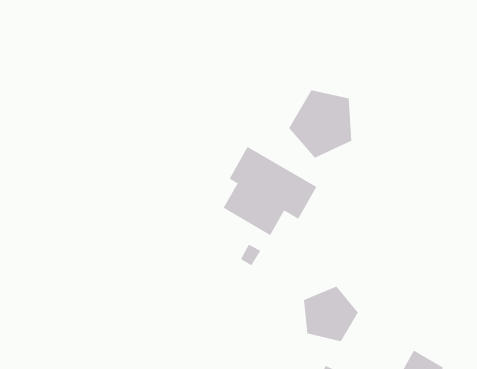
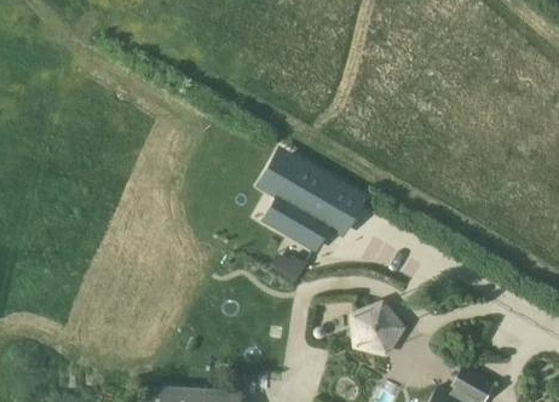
building: [288,89,352,158] -> none

